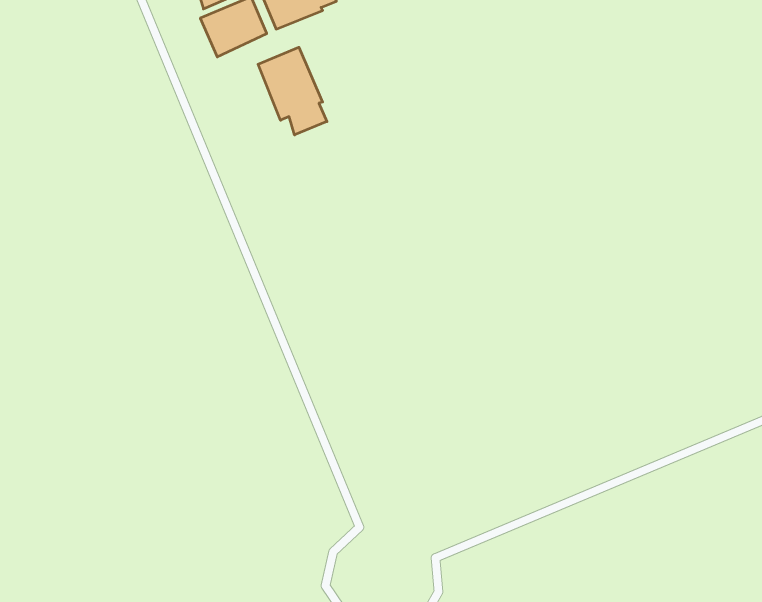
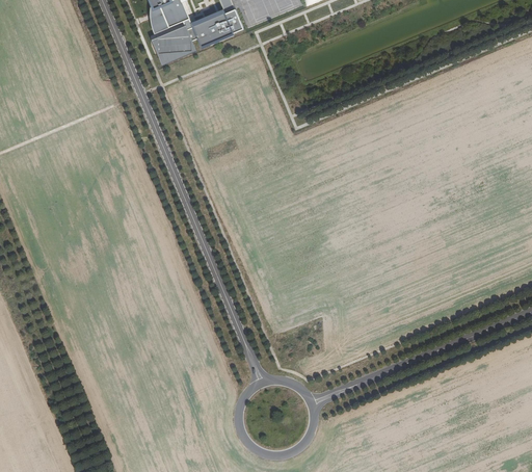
building: [258,47,327,135] -> none

